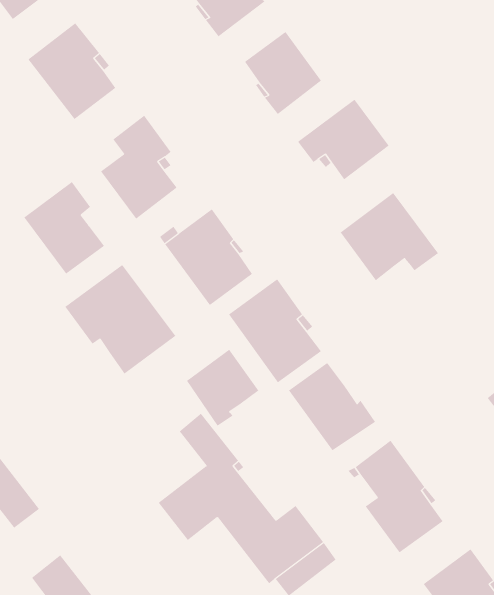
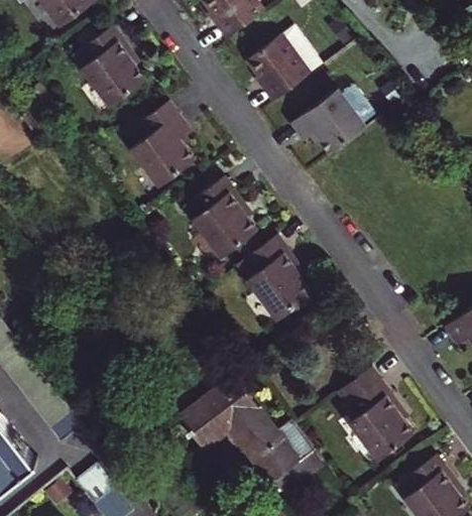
building: [23,181,105,274] -> none
building: [340,192,439,281] -> none
building: [65,264,176,375] -> none
building: [186,349,259,426] -> none
building: [288,362,376,451] -> none

